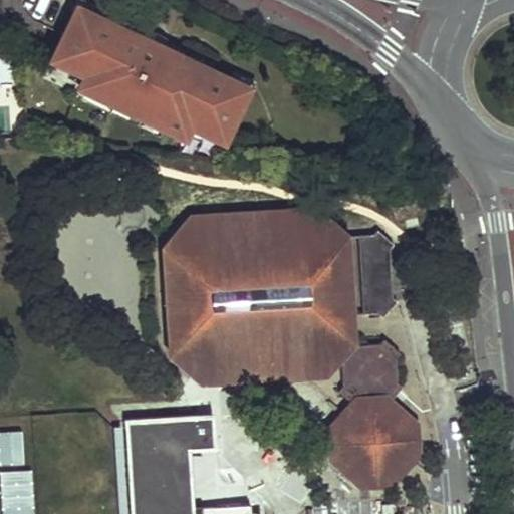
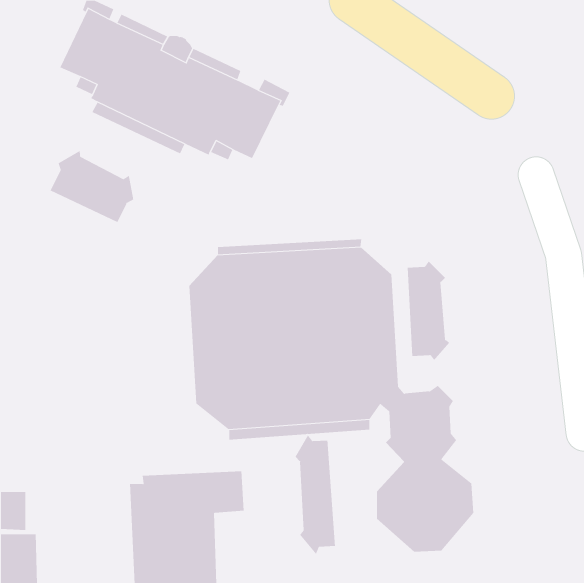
building: none -> [50,150,134,223]
building: none -> [295,434,336,555]

